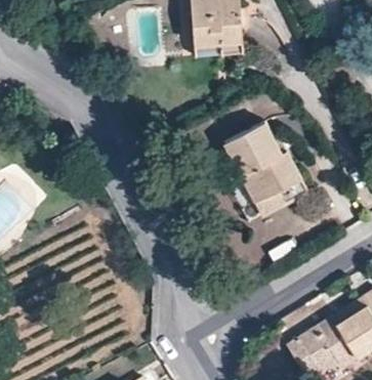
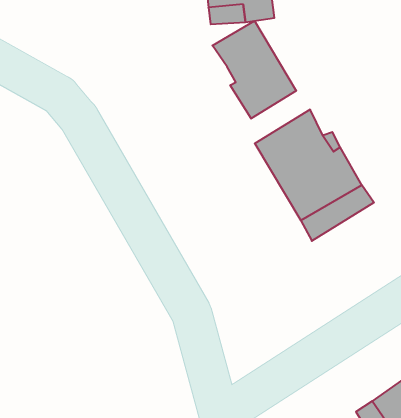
building: none -> [212,21,296,119]

